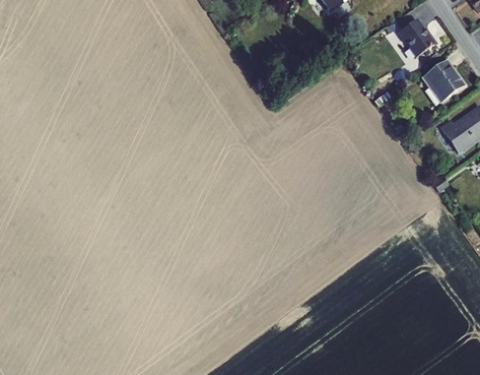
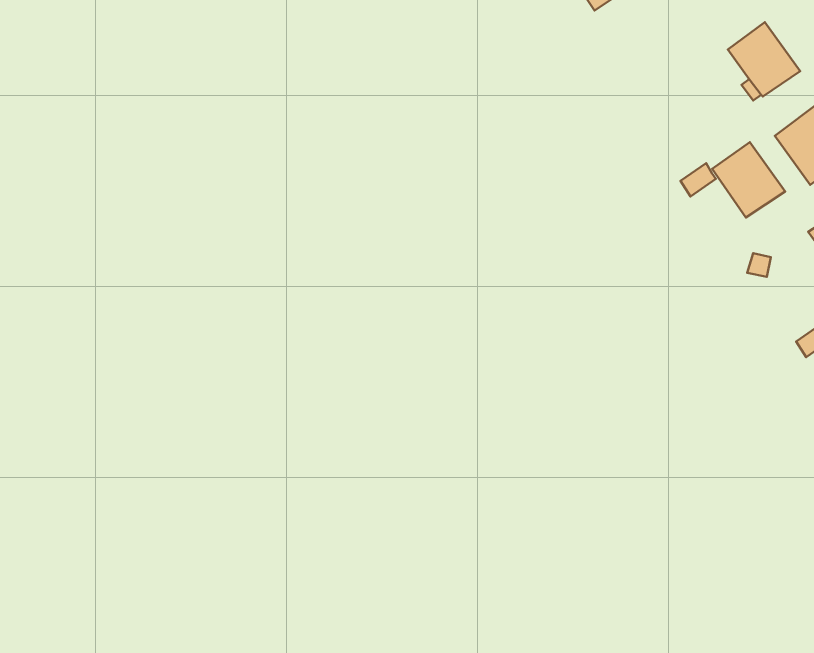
building: none -> [712,142,785,217]

